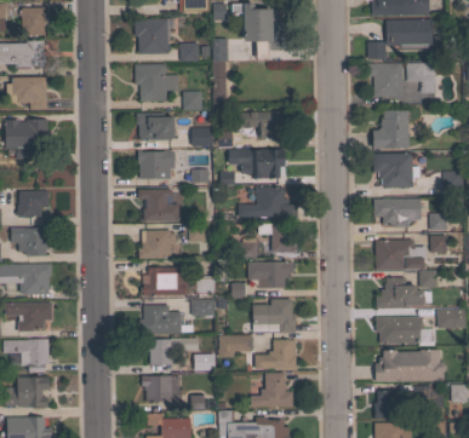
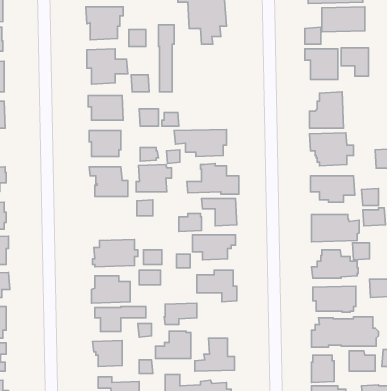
building: [240,111,279,142] -> none
building: [139,230,177,259] -> [136,164,171,192]
building: [259,340,297,369] -> [156,331,191,359]

